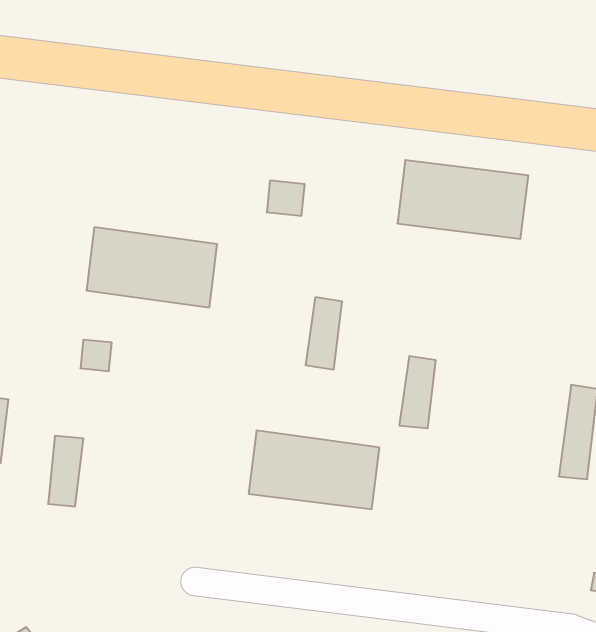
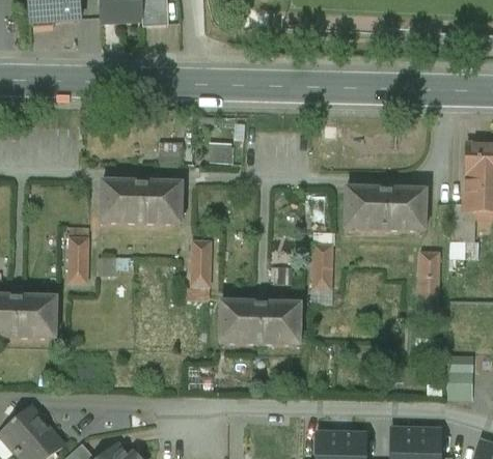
building: [397,160,528,239] -> [345,187,427,230]
building: [305,297,342,369] -> [191,239,211,285]
building: [48,436,83,507] -> [70,236,88,281]

